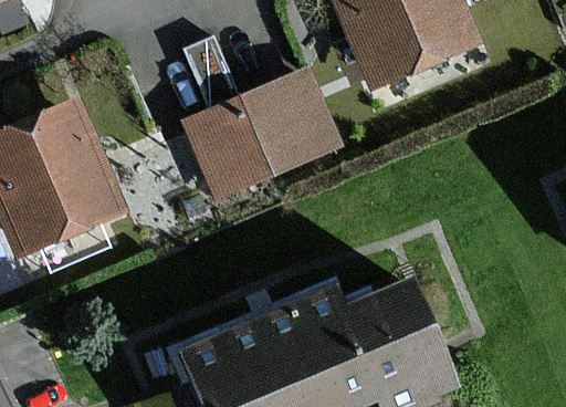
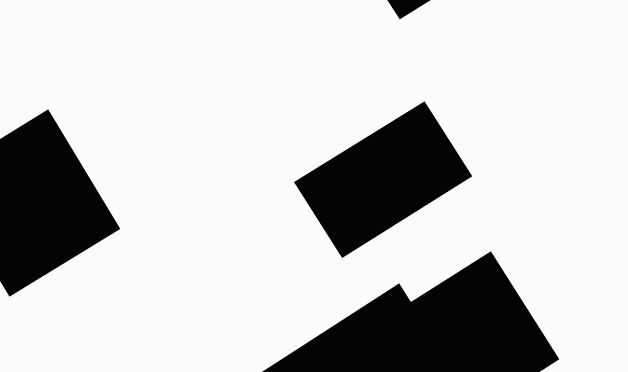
building: [186,75,333,192] -> [293,100,474,259]

